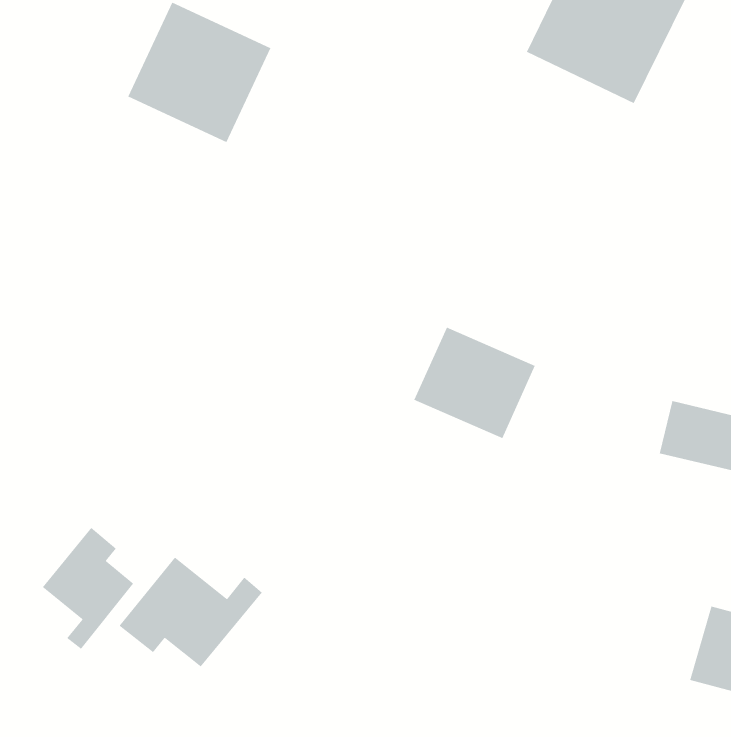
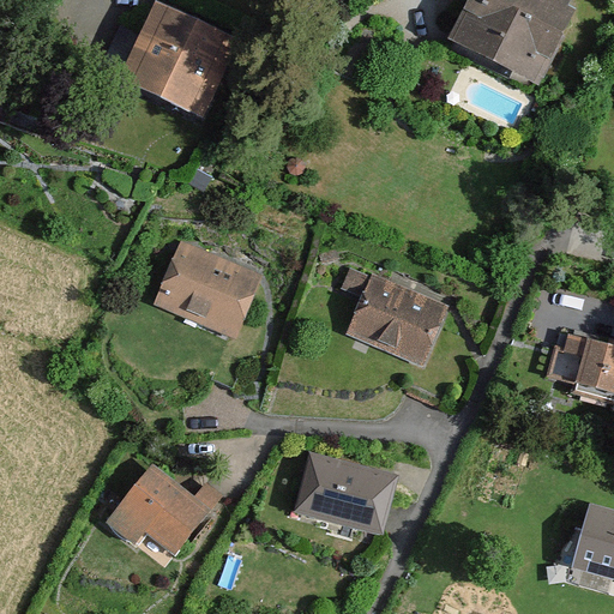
building: none -> [155,237,265,339]
building: [42,527,134,650] -> none
building: none -> [294,453,395,534]

